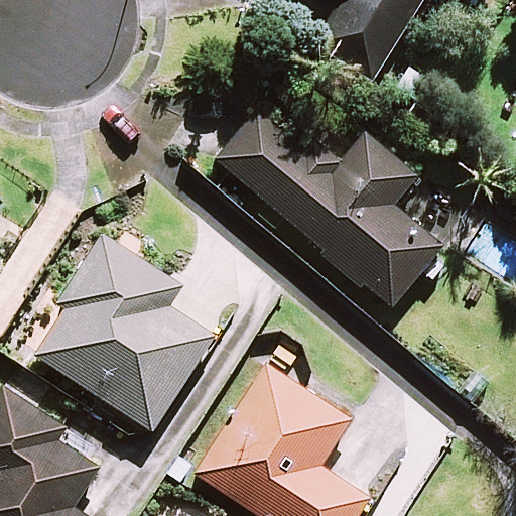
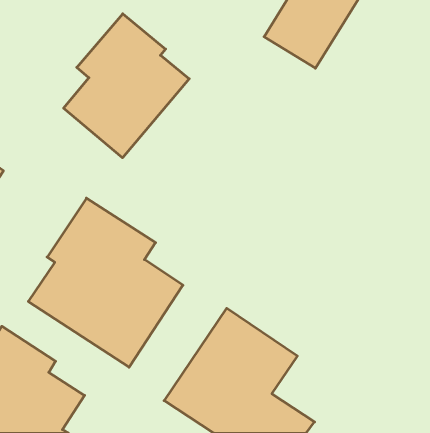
building: none -> [64,14,189,158]
building: [216,111,443,307] -> none

